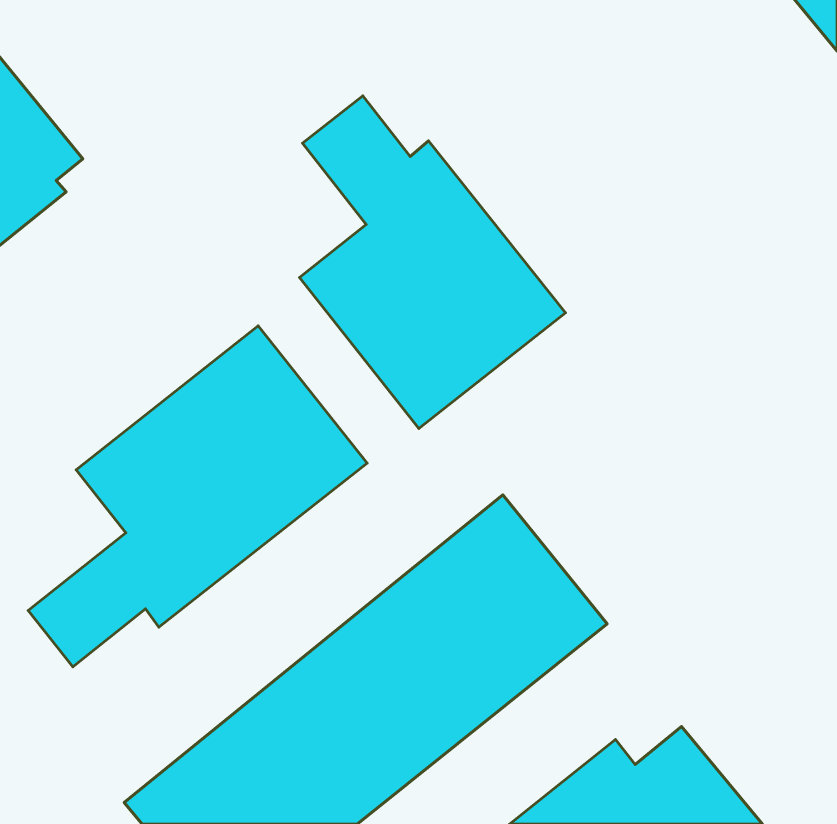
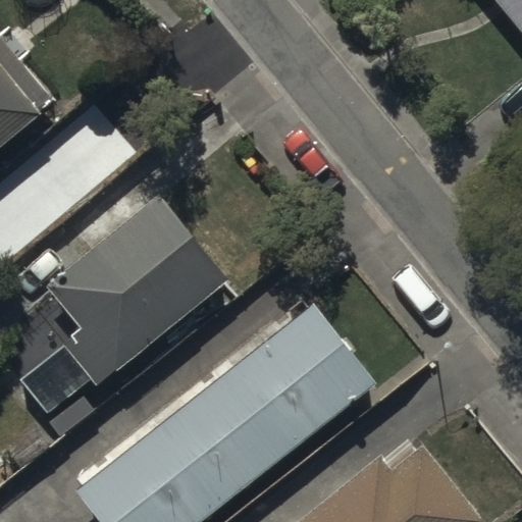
building: [299,96,566,429] -> none

